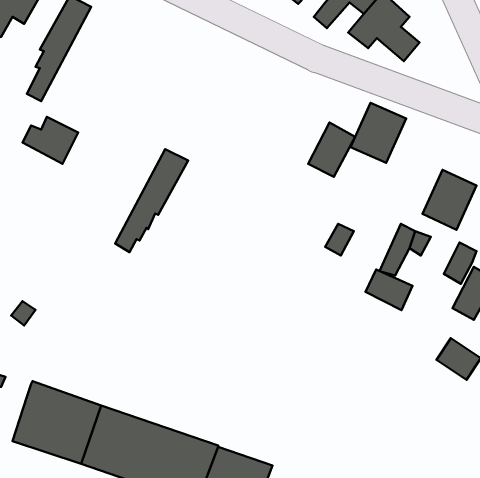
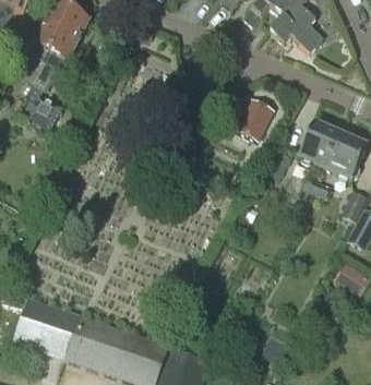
building: [351,103,406,163] -> [298,121,340,167]
building: [115,149,188,252] -> [34,9,89,87]
building: [365,270,413,310] -> none

